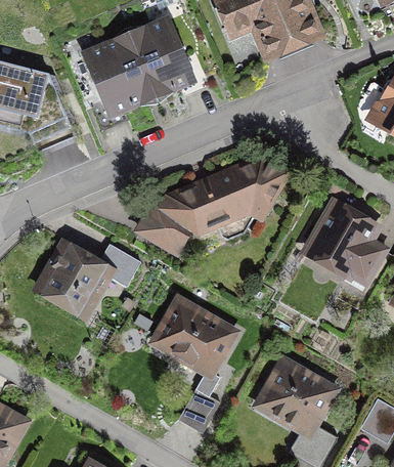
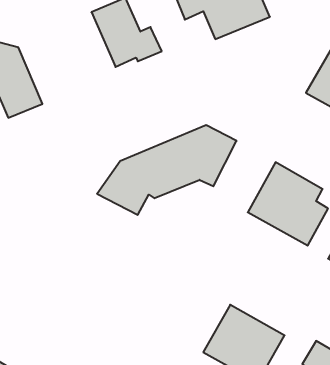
building: [83,32,155,120] -> none
building: [37,240,139,313] -> none
building: [148,296,240,381] -> none

